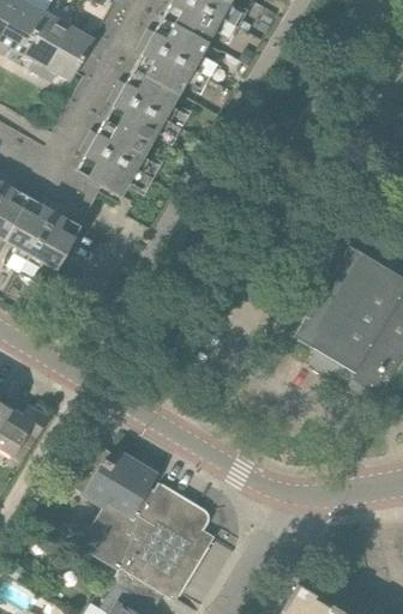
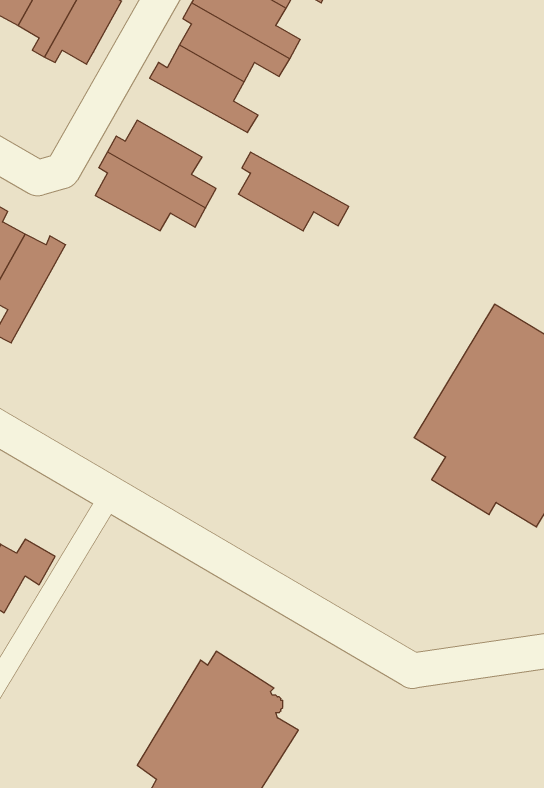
building: [107,90,182,144] -> [238,152,349,231]
building: [20,204,80,278] -> none
building: [71,443,158,560] -> none

